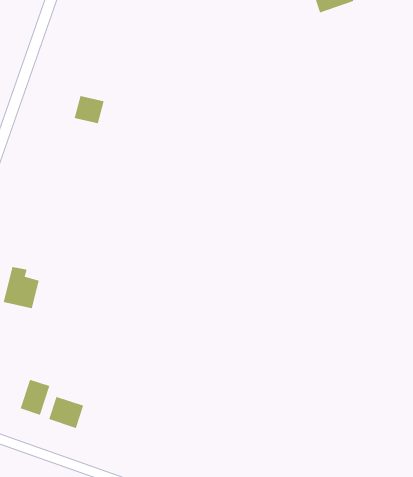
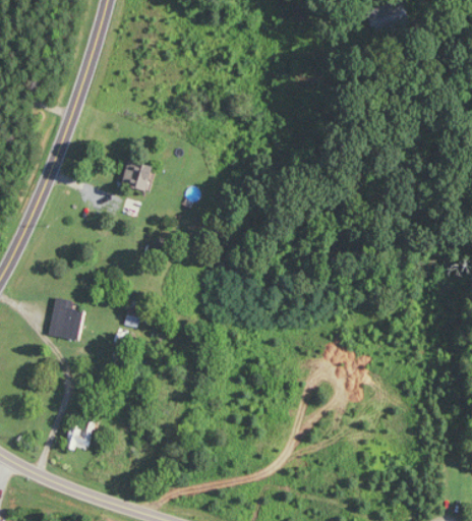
building: [74,95,104,124] -> [120,161,152,190]
building: [48,396,84,429] -> none

